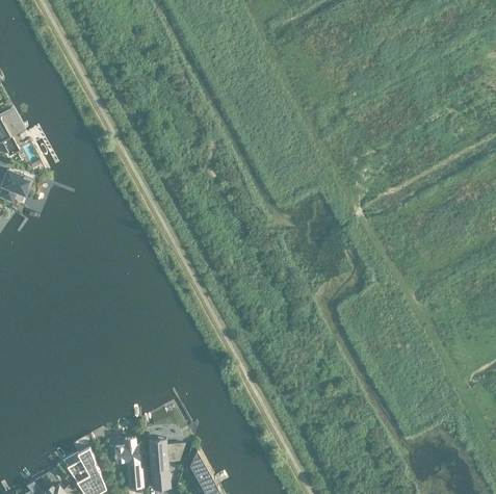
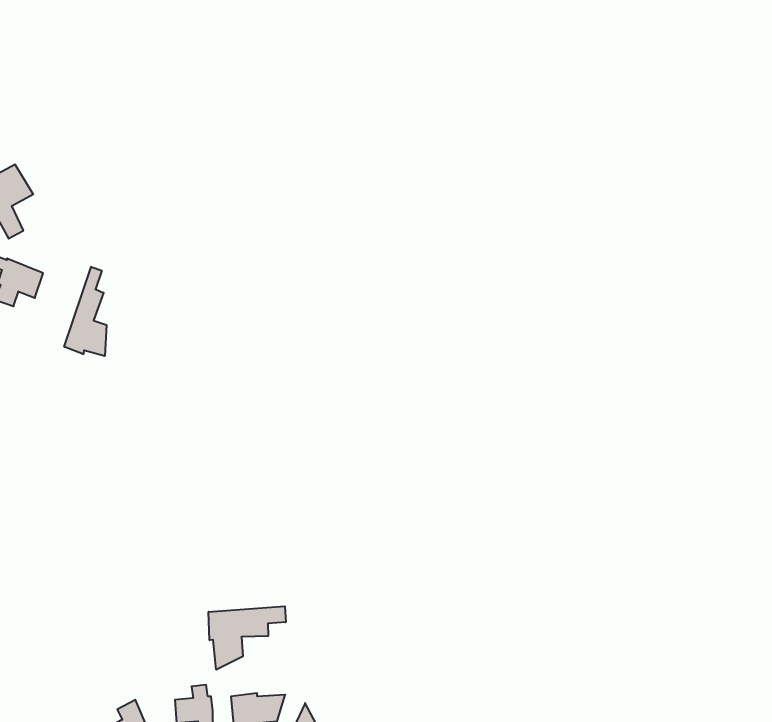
building: none -> [64,267,107,356]
building: none -> [209,606,286,670]

